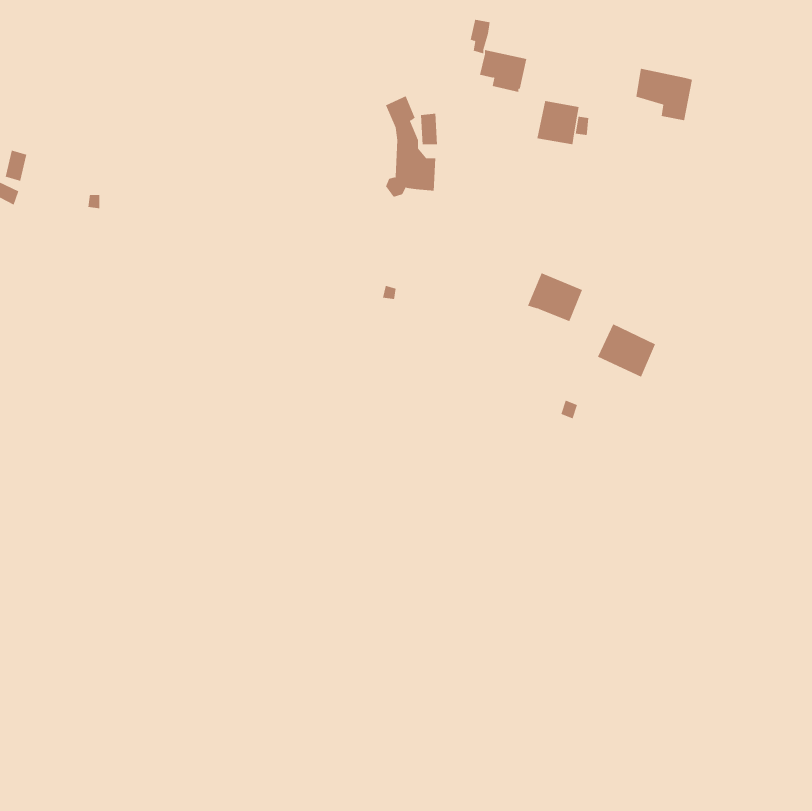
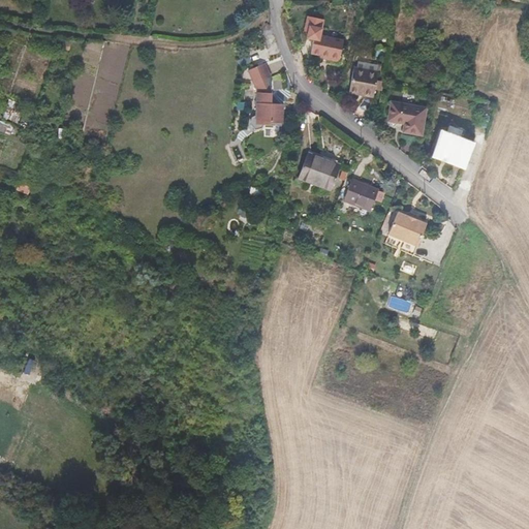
building: [635,68,693,121] -> [387,99,425,133]
building: none -> [437,132,472,162]
building: none -> [299,155,340,189]

